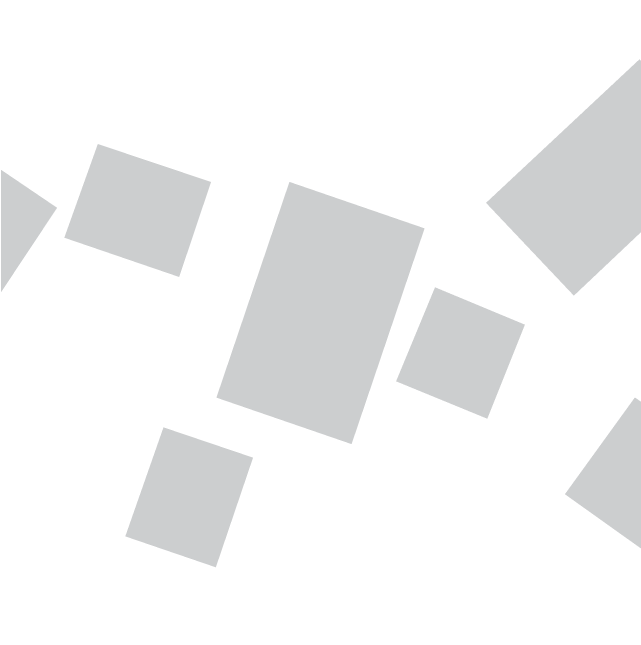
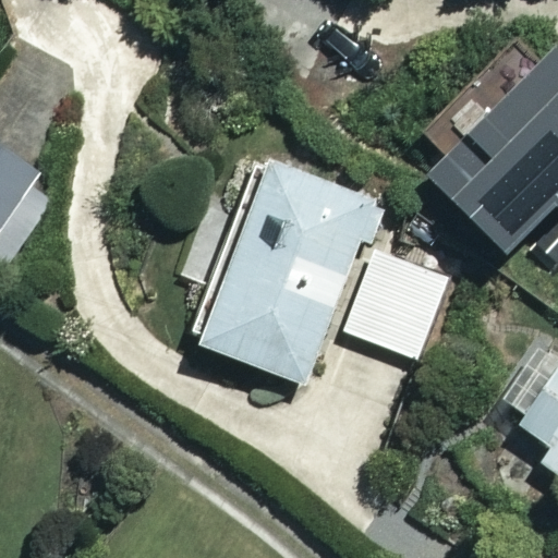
building: [64,143,212,278] -> none
building: [125,427,254,568] -> none

